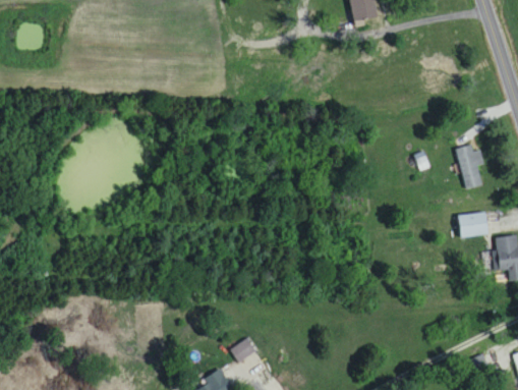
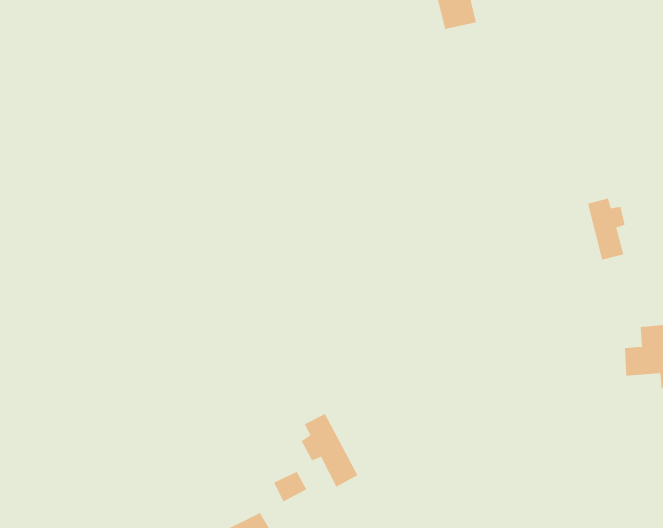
building: [458,212,487,236] -> none
building: none -> [301,413,358,487]

